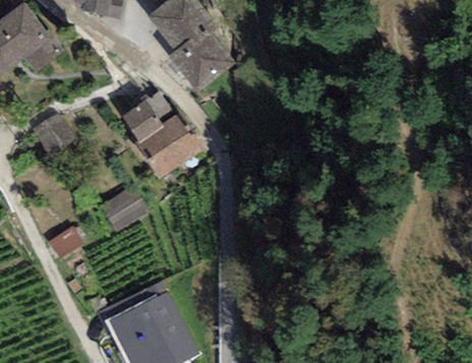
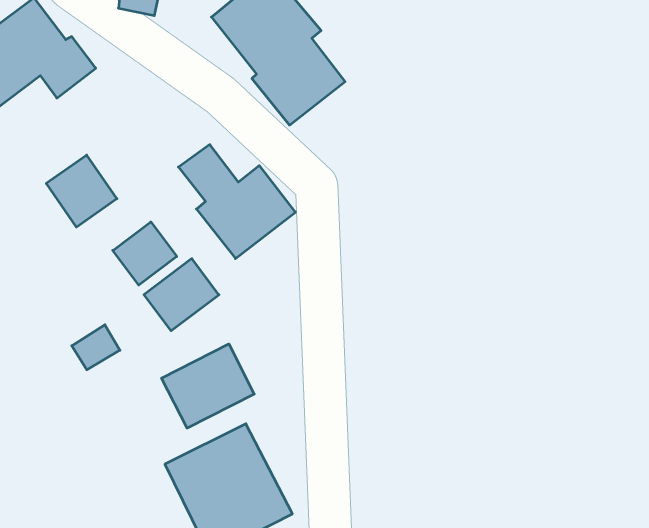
building: none -> [113,222,177,285]
building: none -> [162,344,254,428]

